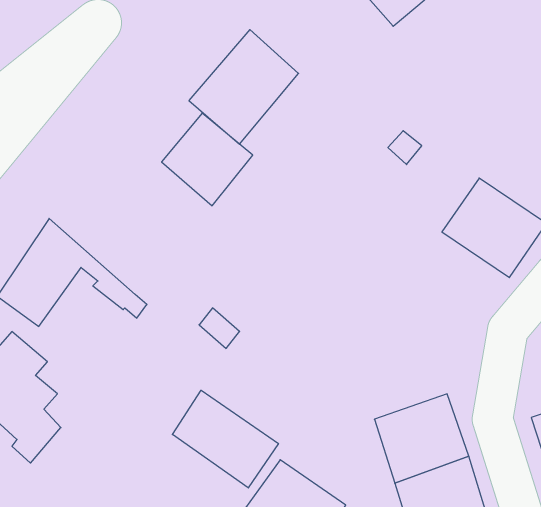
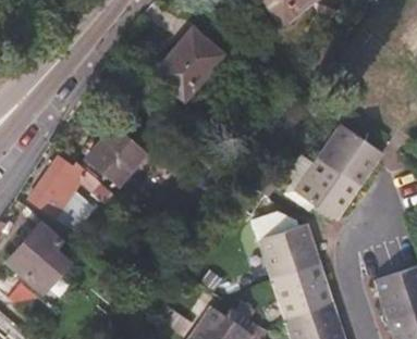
building: [162,113,253,206] -> [86,125,145,185]
building: none -> [293,158,359,221]
building: none -> [258,216,319,278]
building: [172,390,278,488] -> none

